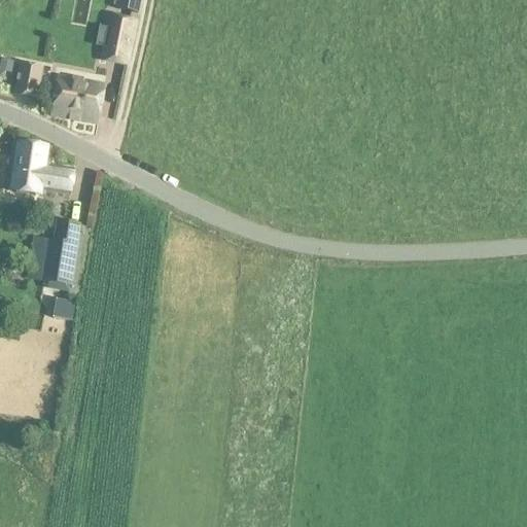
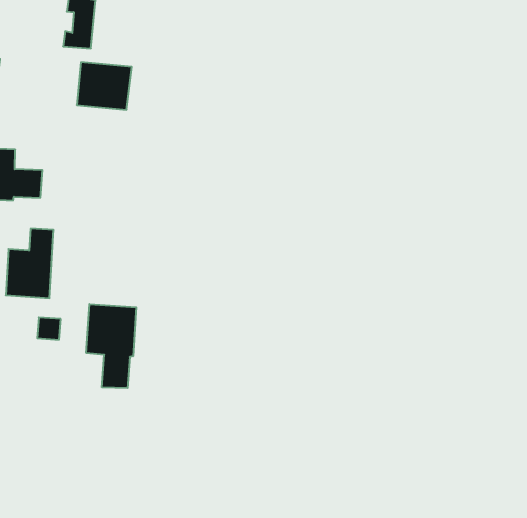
building: [50,73,103,119] -> [77,62,132,110]
building: none -> [86,304,136,388]

